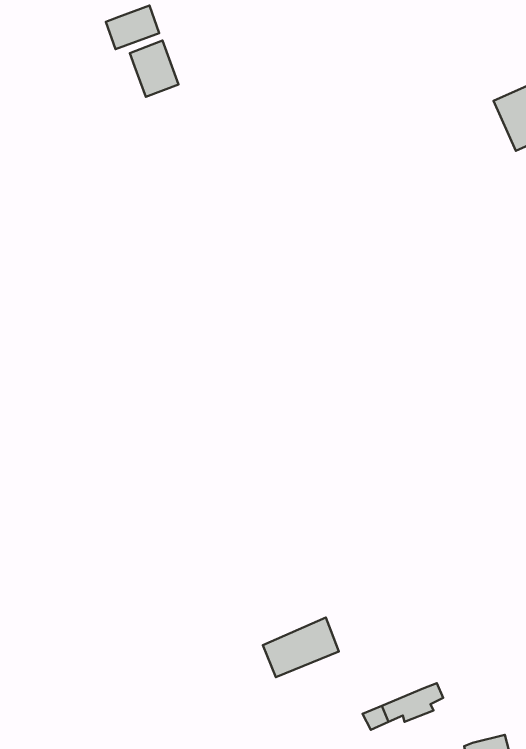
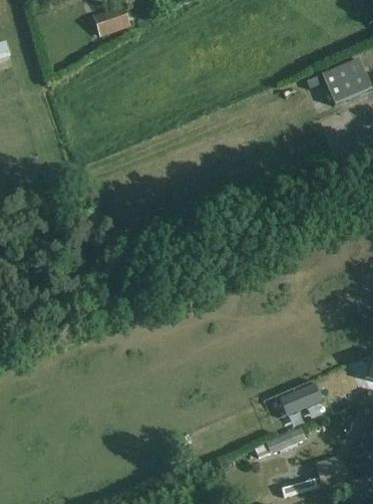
building: [130,41,179,97] -> none
building: [263,618,339,677] -> [270,382,317,419]

